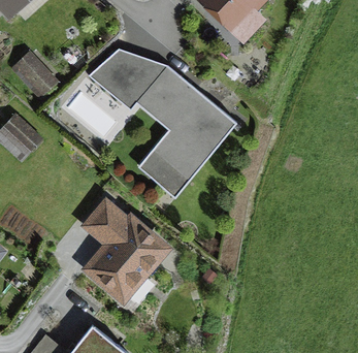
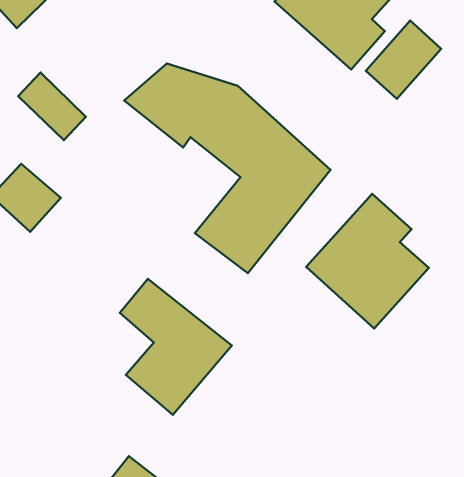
building: none -> [366,21,441,99]
building: none -> [306,194,429,328]

